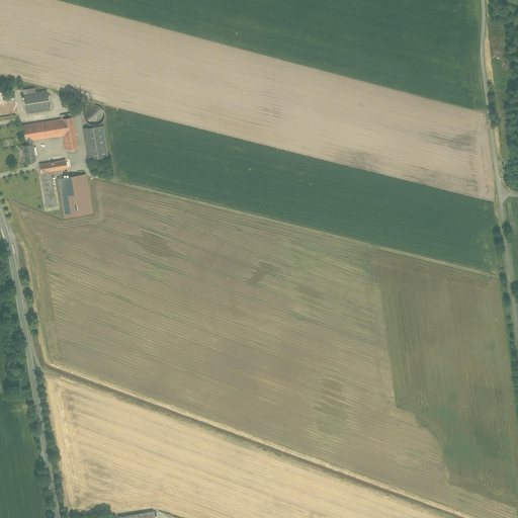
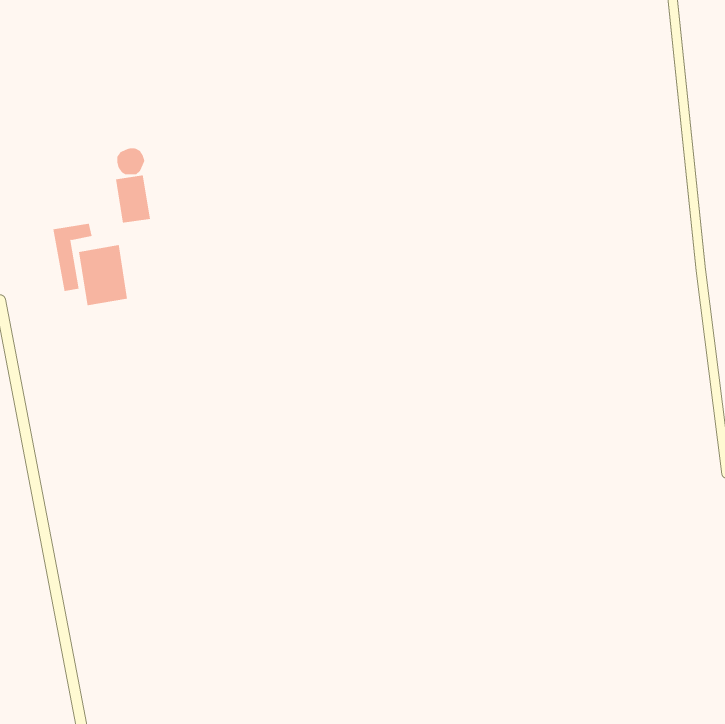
building: [23,89,50,113] -> none
building: [21,111,79,163] -> none

